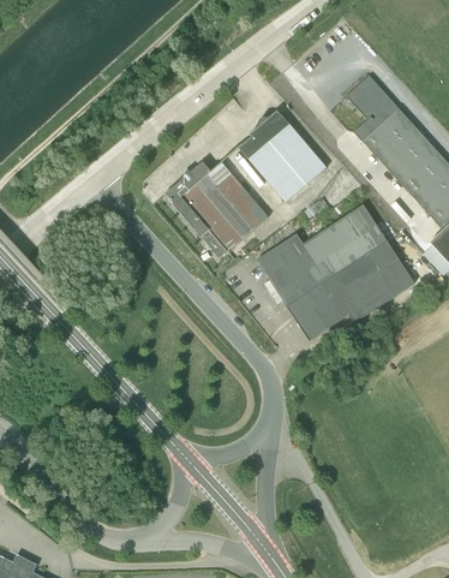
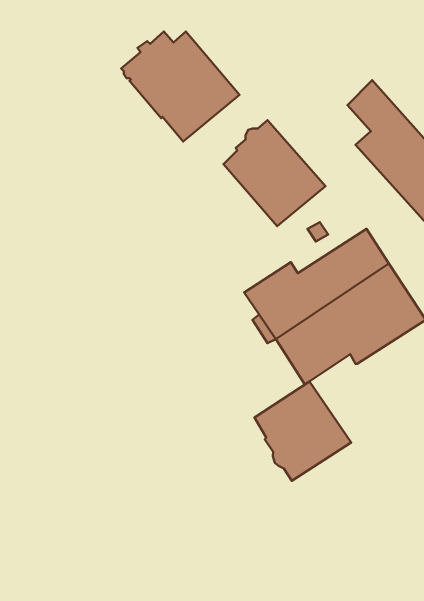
building: [166,162,269,258] -> [121,31,240,142]
building: none -> [255,381,351,481]

